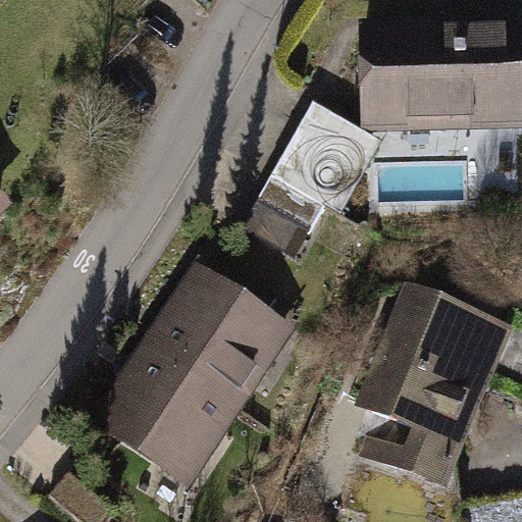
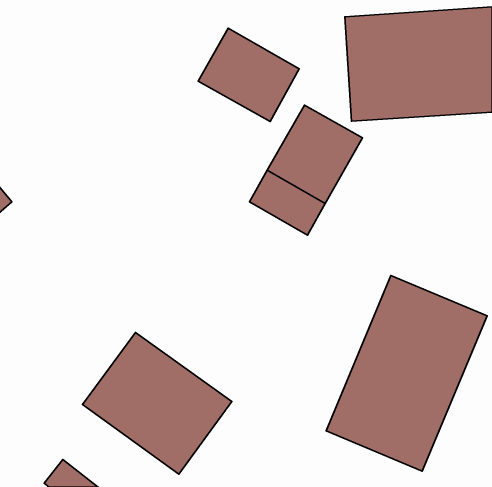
building: none -> [198,28,299,122]
building: [141,269,295,416] -> none

